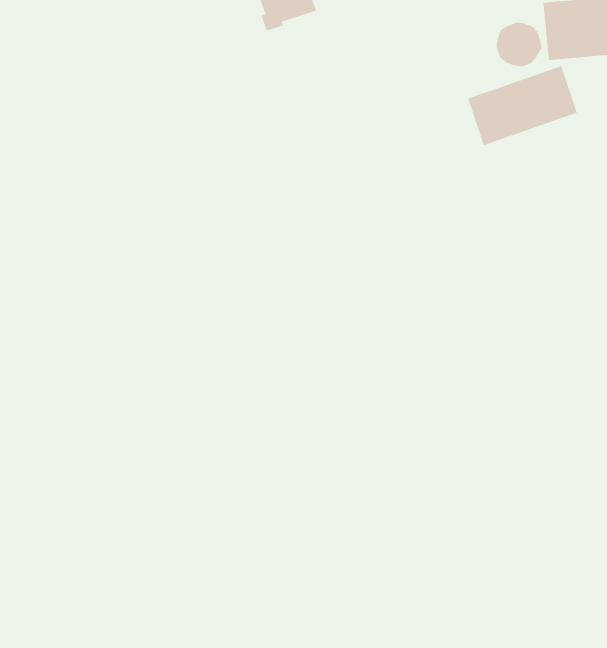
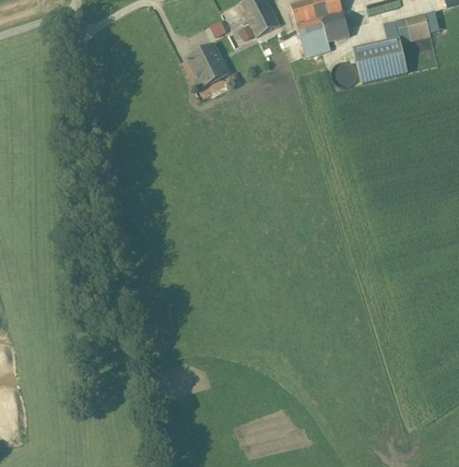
building: [467,65,578,146] -> none

